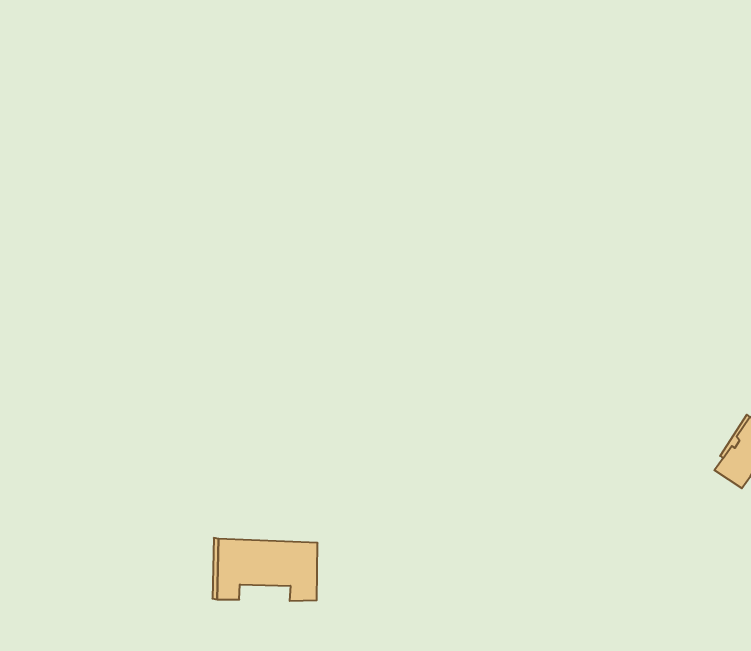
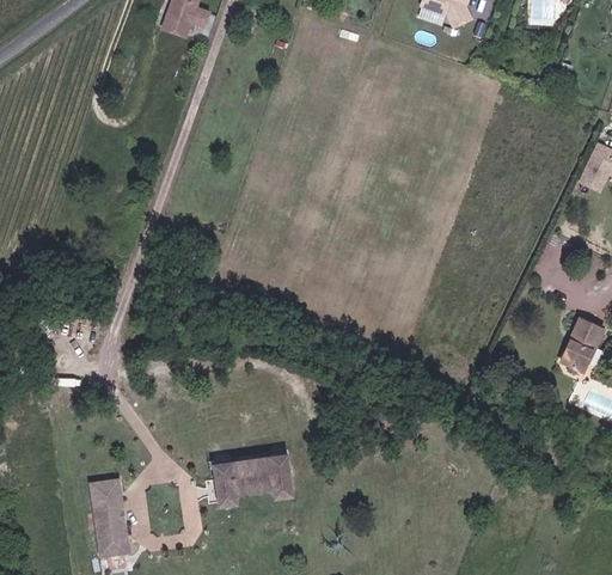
building: none -> [91,479,129,557]

